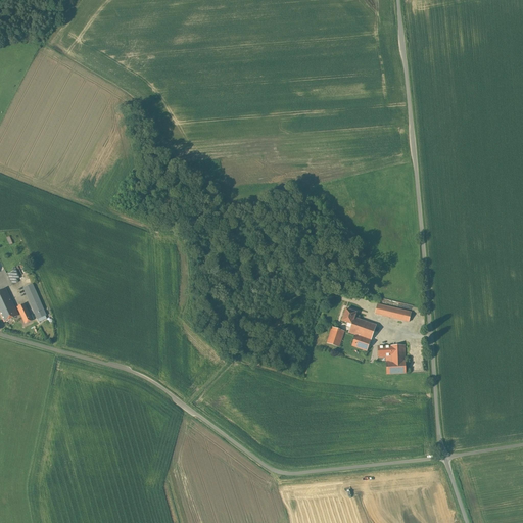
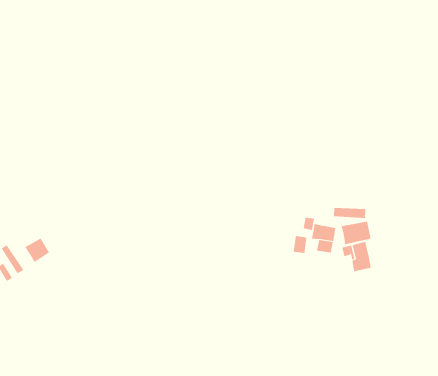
building: none -> [25,237,50,263]
building: none -> [341,220,371,245]

